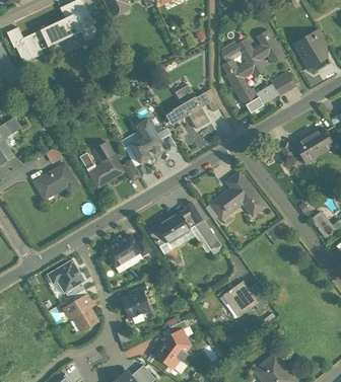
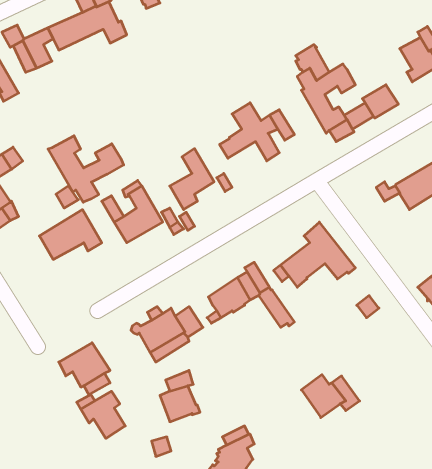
building: [235,30,285,64] -> none
building: none -> [48,136,124,202]

